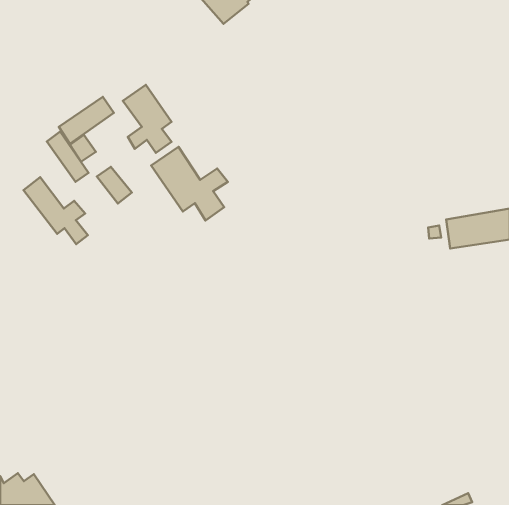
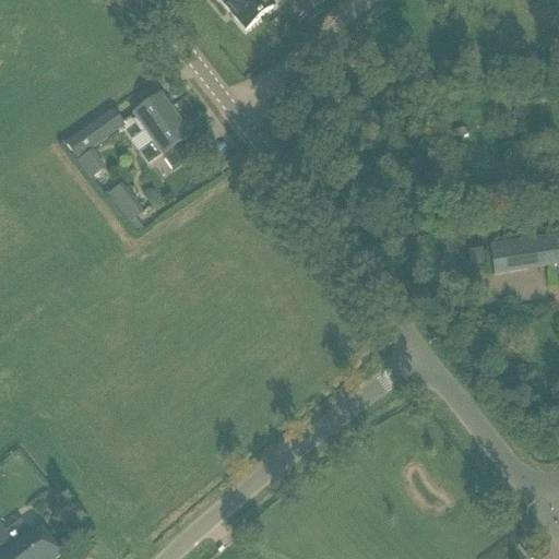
building: [47,132,88,182] -> none
building: [151,147,228,220] -> none
building: [23,177,88,244] -> none

